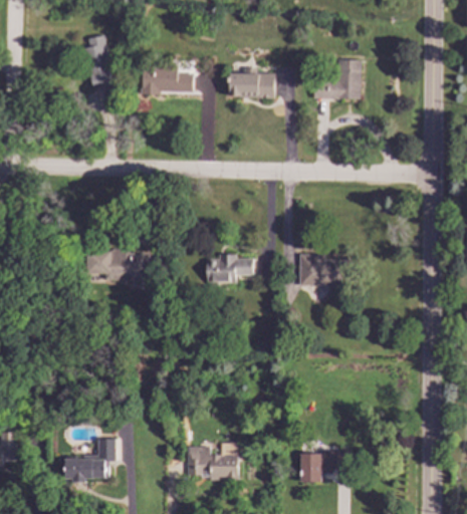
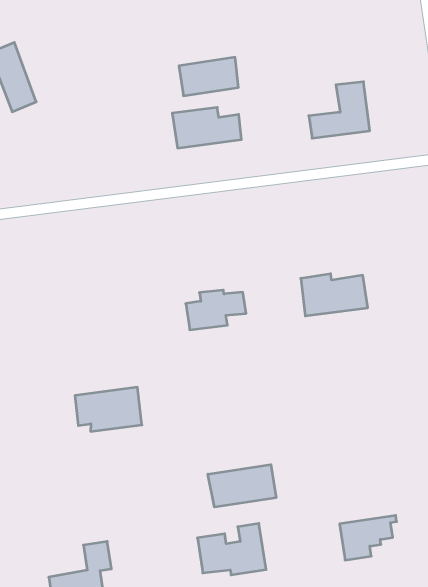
building: [314,59,362,99] -> [309,82,370,138]
building: [142,64,194,93] -> [172,107,241,148]
building: [96,250,148,281] -> [75,387,142,431]
building: none -> [208,465,276,507]

